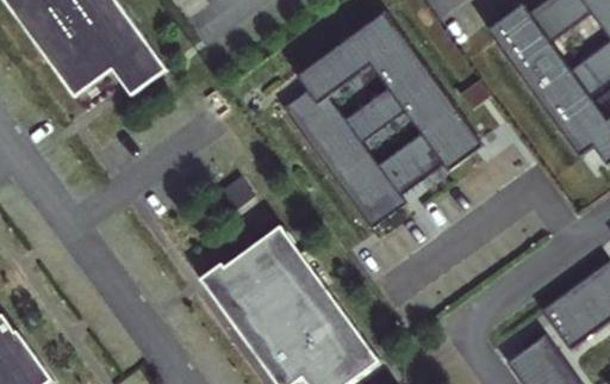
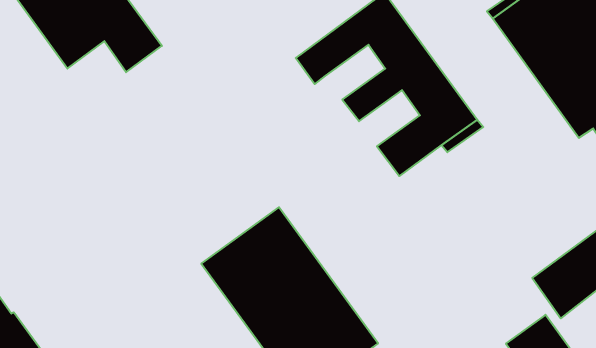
building: [284,91,406,229] -> none

